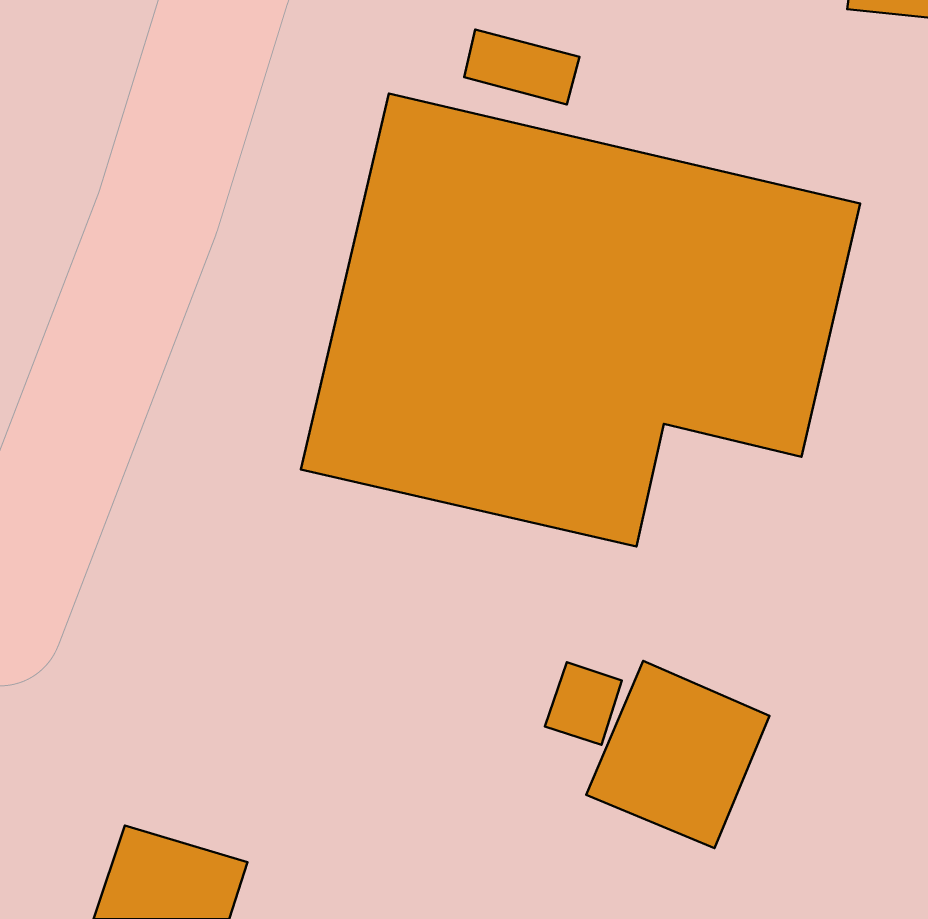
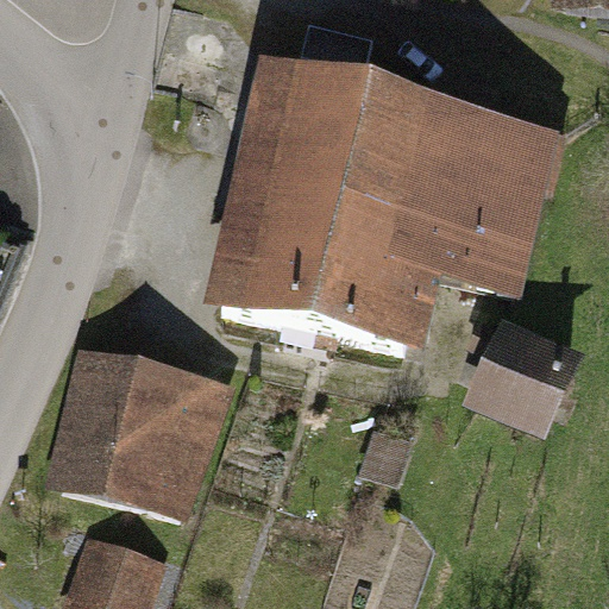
building: none -> [45,345,225,522]
building: [586,661,770,848] -> [464,315,583,437]

